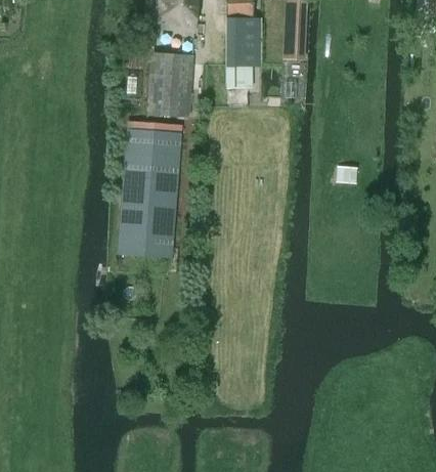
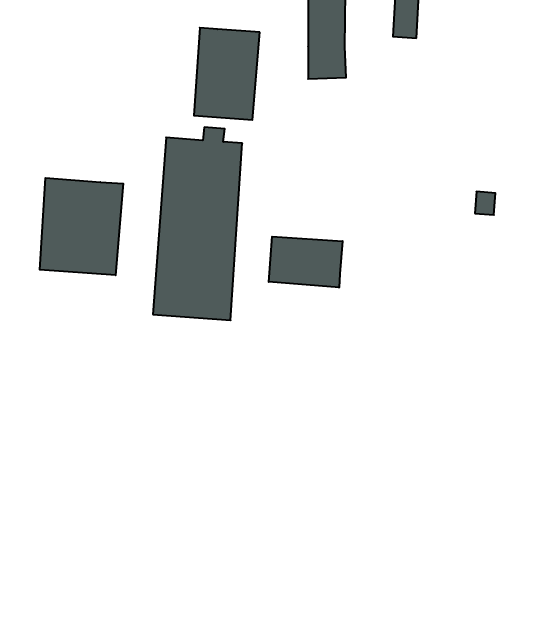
building: none -> [40,178,123,275]
building: none -> [269,237,343,288]

